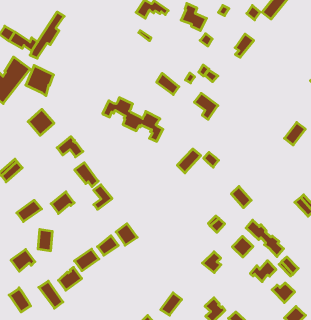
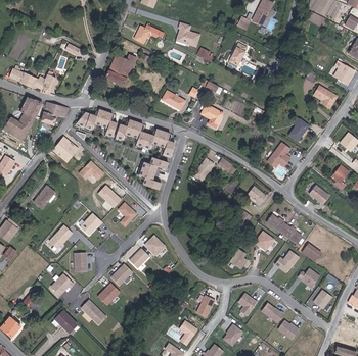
building: none -> [106,55,135,87]
building: none -> [77,108,118,136]
building: none -> [140,157,169,190]
building: none -> [267,141,292,167]

